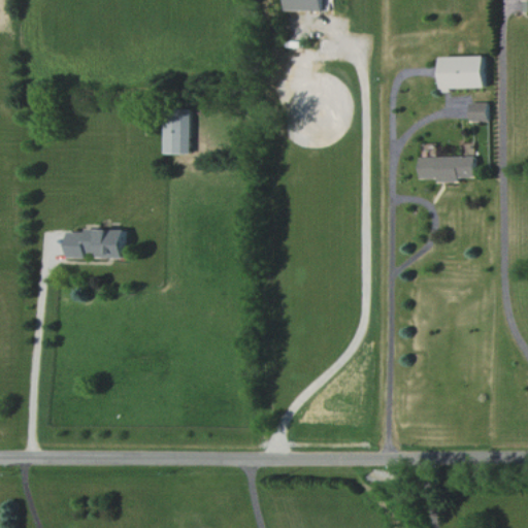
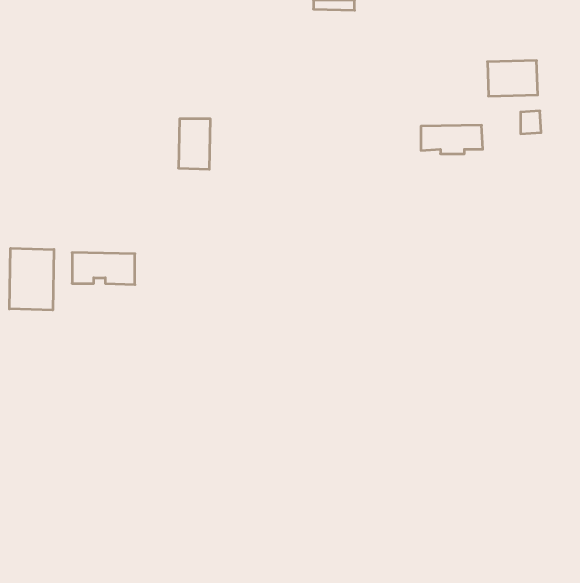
building: [420,156,475,182] -> [421,125,483,154]
building: none -> [9,248,54,310]

